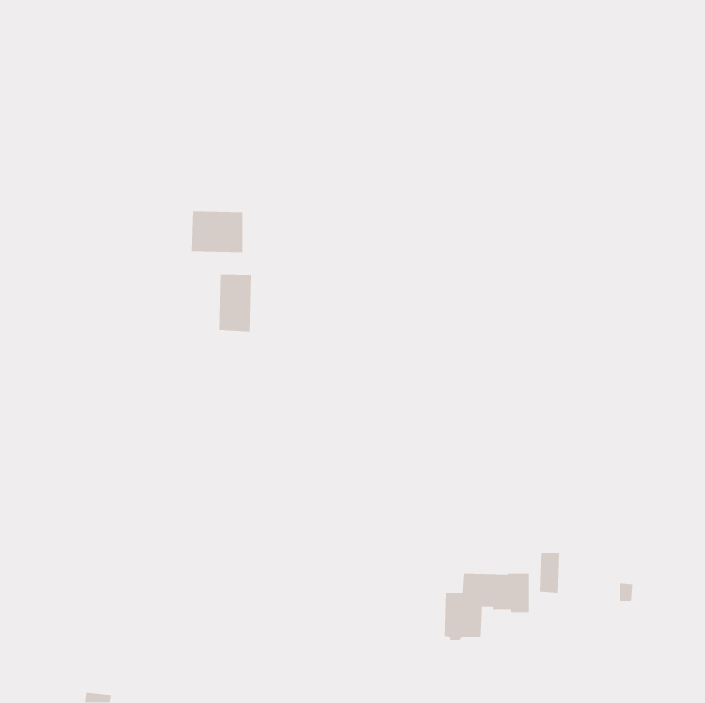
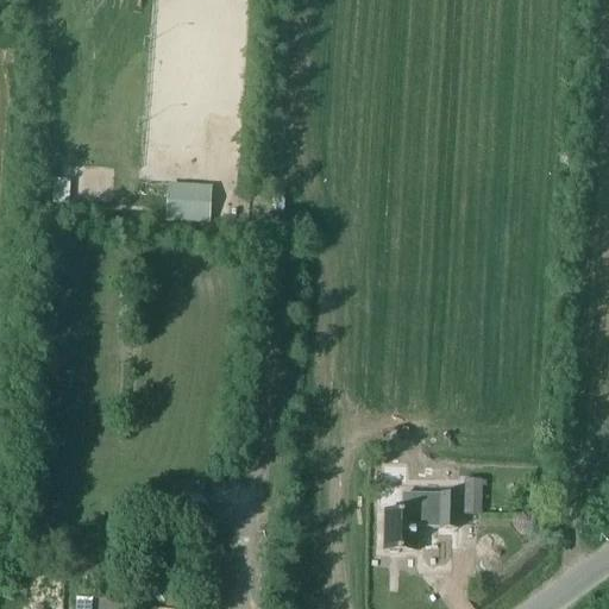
building: [218,274,252,333] -> none

